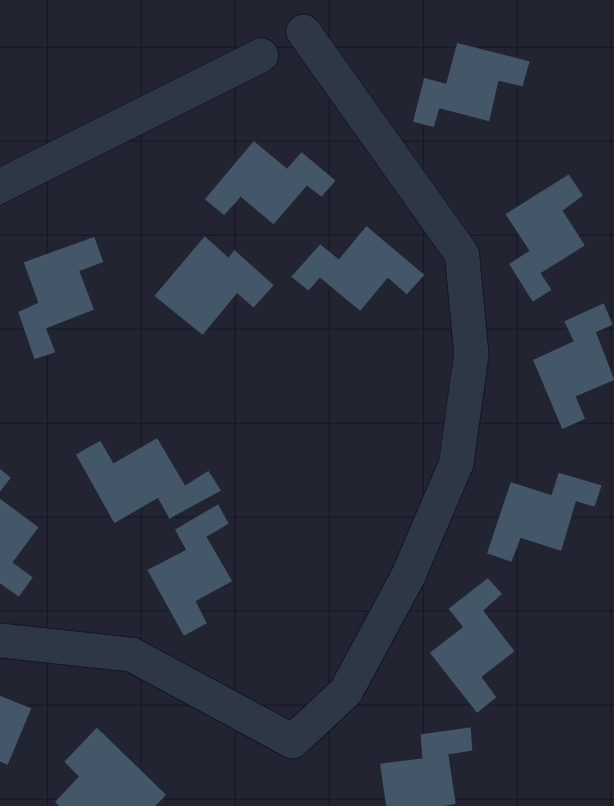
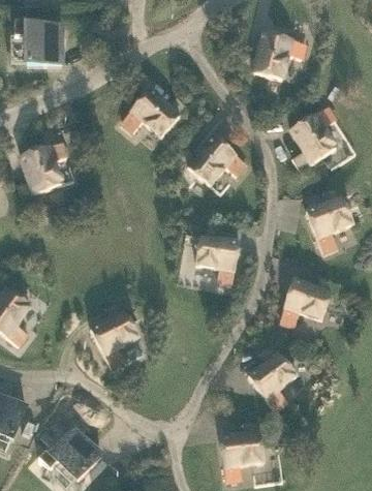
building: none -> [14,22,62,64]
building: [154,236,274,336] -> none
building: none -> [187,220,240,284]
building: [75,437,222,524] -> none

